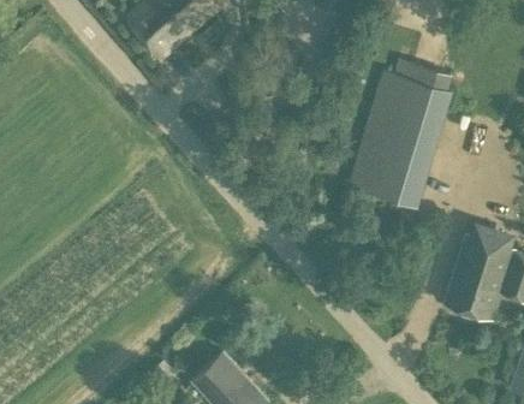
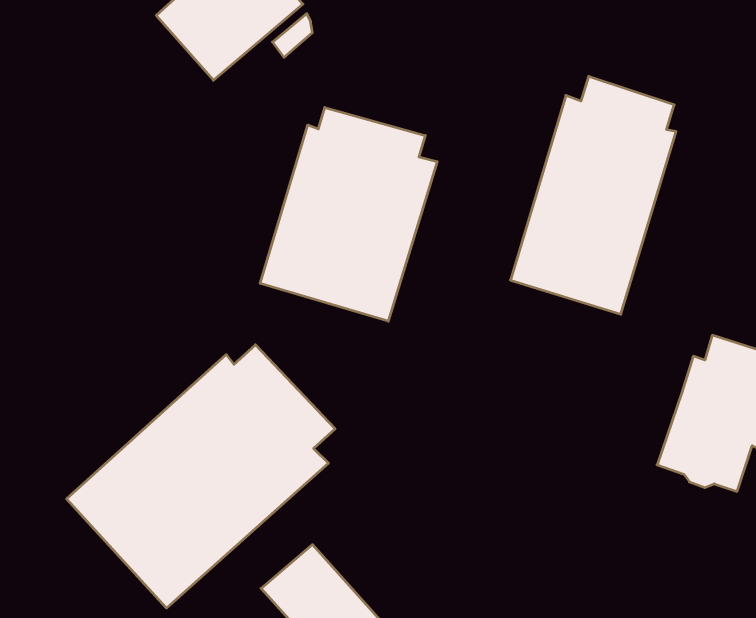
building: none -> [260,107,437,321]
building: none -> [67,345,335,608]

